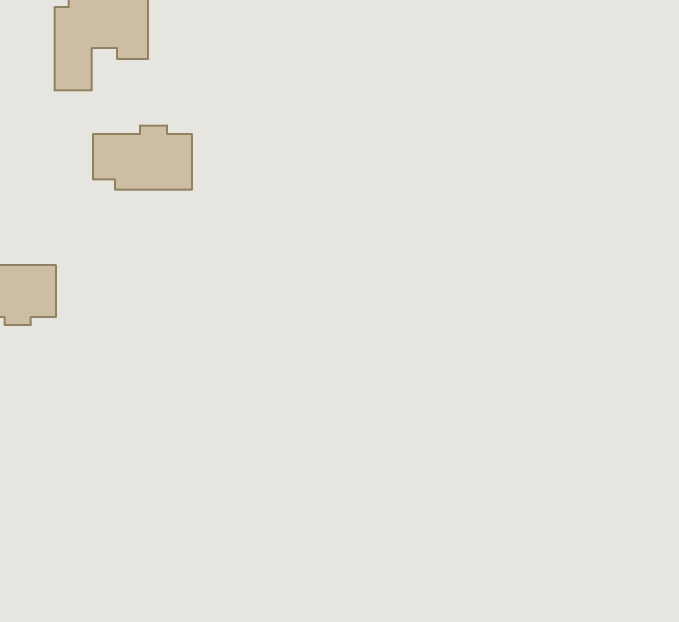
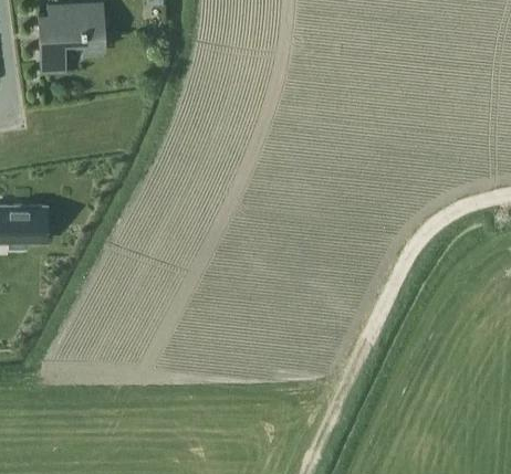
building: [93,125,192,190] -> none

